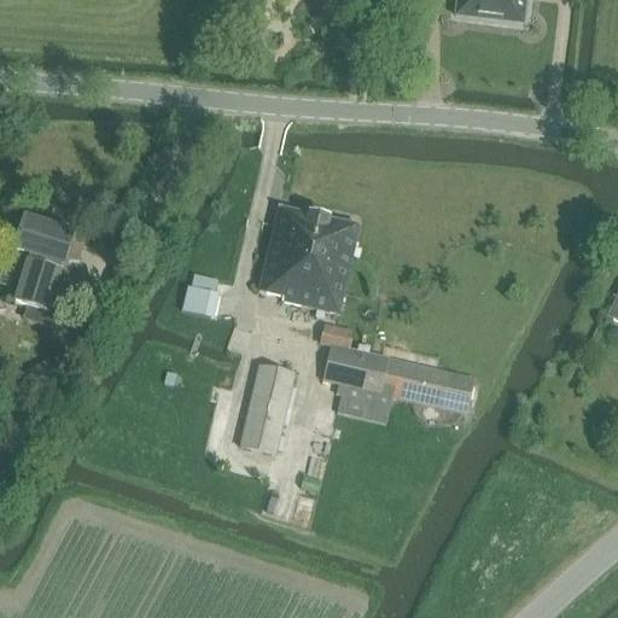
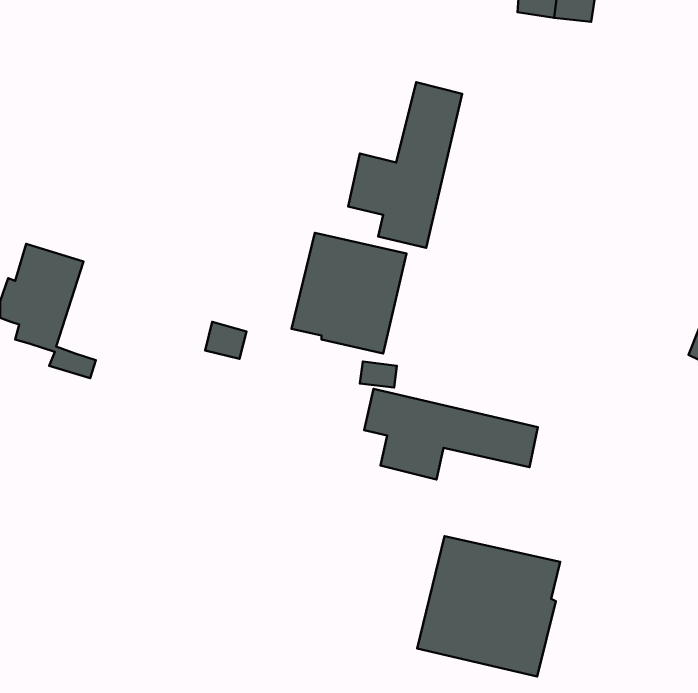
building: none -> [348,82,462,248]
building: [240,363,295,453] -> none
building: none -> [417,536,560,676]

